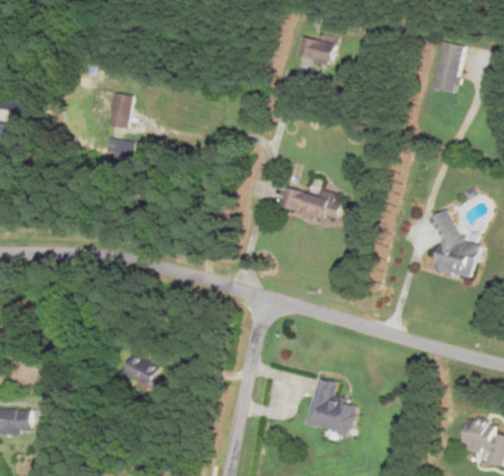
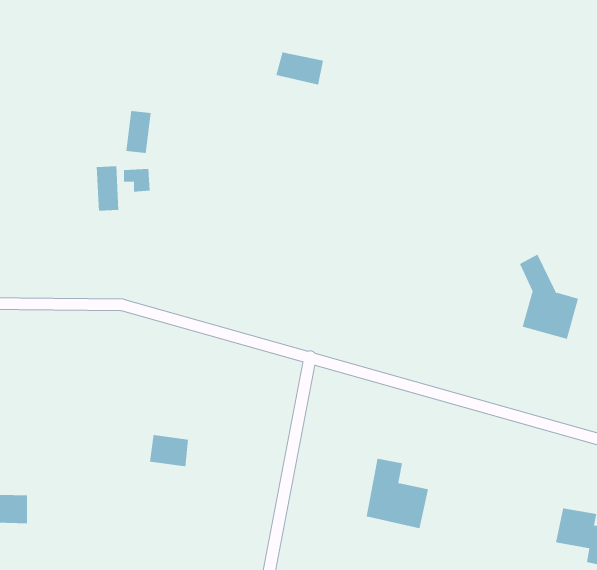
building: [296,36,335,64] -> [276,52,324,85]
building: [431,42,463,93] -> none
building: none -> [96,166,119,211]
building: [278,187,341,220] -> none

